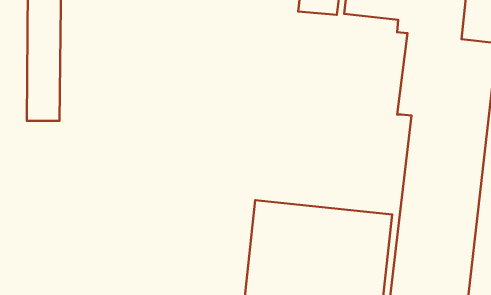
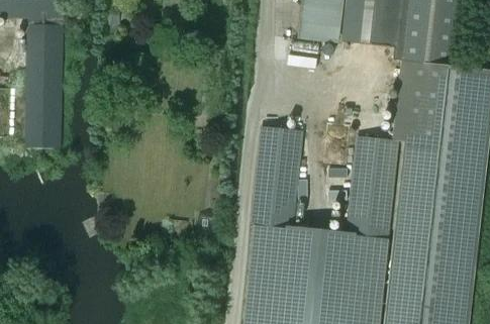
building: none -> [250,127,301,229]
building: none -> [346,137,397,238]

